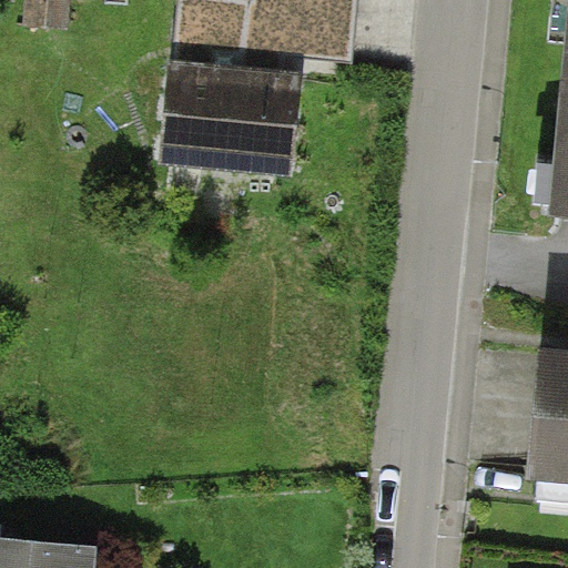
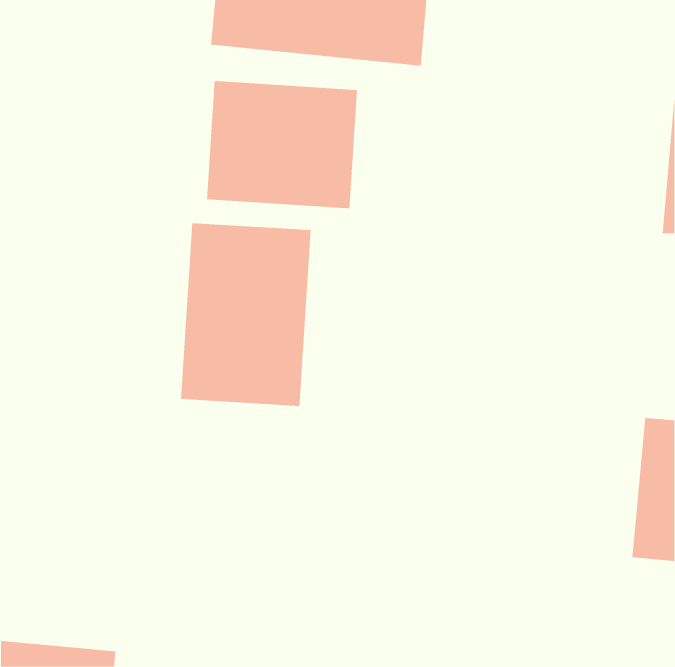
building: none -> [180,222,311,407]

